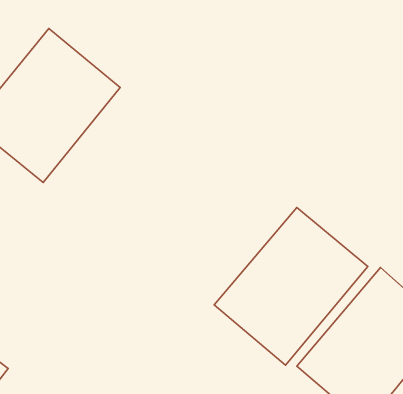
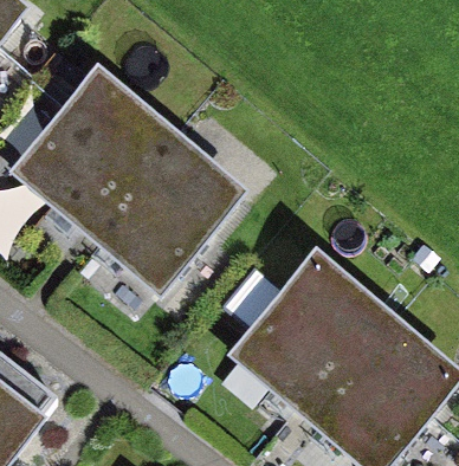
building: none -> [82,144,235,302]

